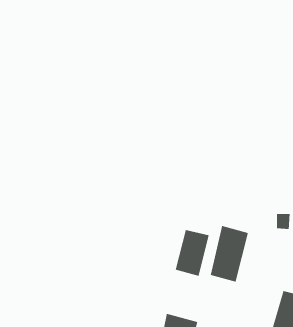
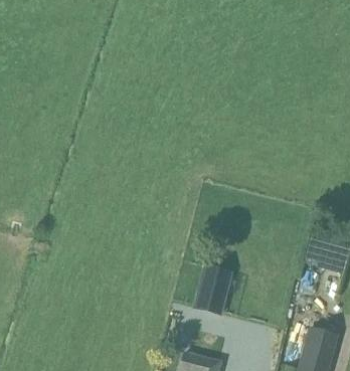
building: [210,225,248,282] -> none

